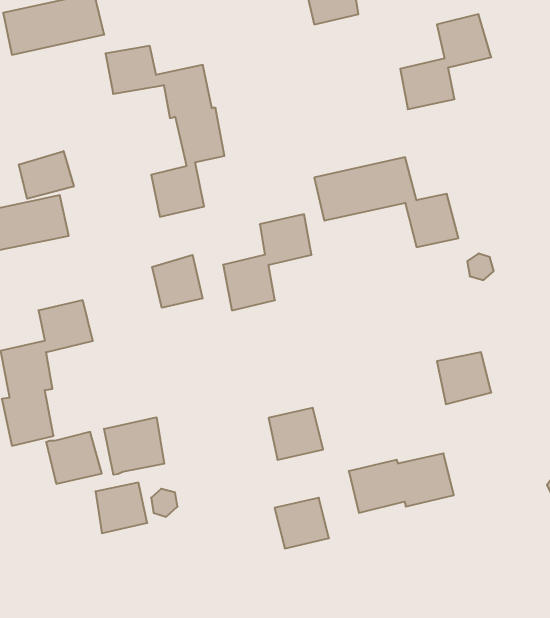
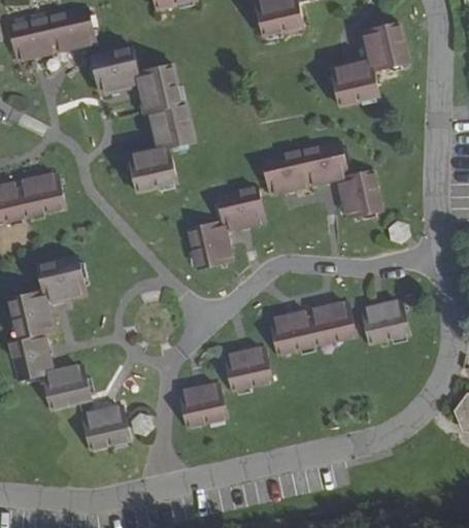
building: [19,151,74,199] -> none
building: [152,255,202,308] -> none
building: [104,417,164,475] -> none
building: [349,453,454,513] -> [271,303,357,352]
building: [275,498,329,548] -> [180,384,225,425]

